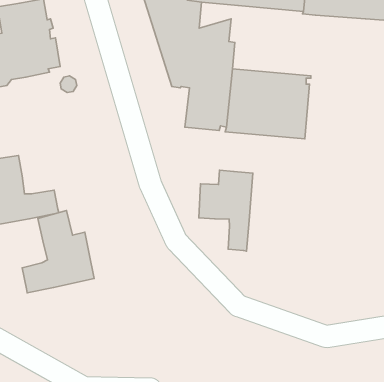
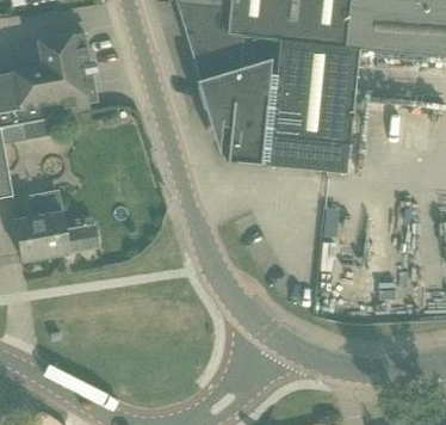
building: none -> [273,39,358,110]
building: [199,170,253,251] -> none
building: [22,211,94,293] -> none

